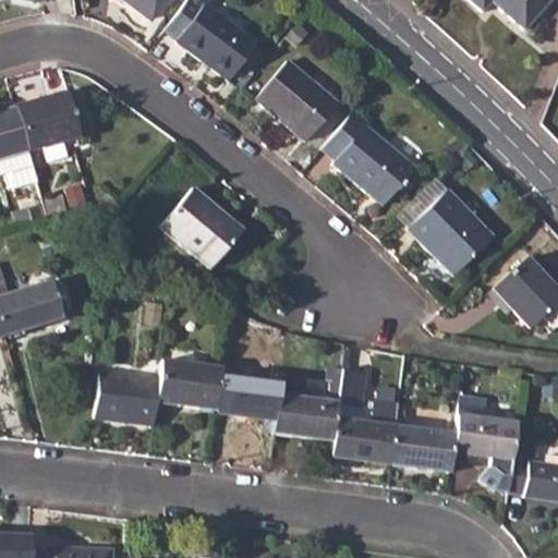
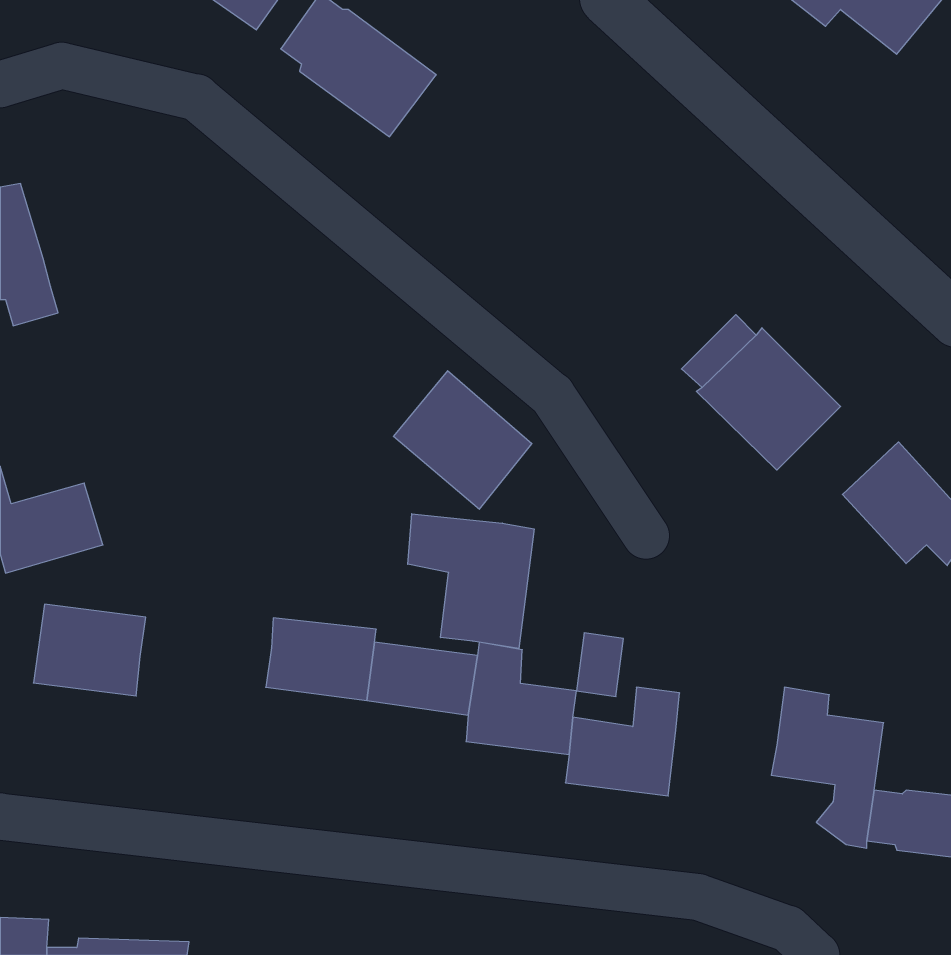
building: [257,60,339,141] -> none
building: [15,92,80,150] -> none
building: [323,110,415,206] -> none
building: [161,187,242,268] -> [393,371,532,509]
building: none -> [408,514,534,648]
building: [96,369,161,423] -> [33,604,146,696]
building: [392,425,456,471] -> none

